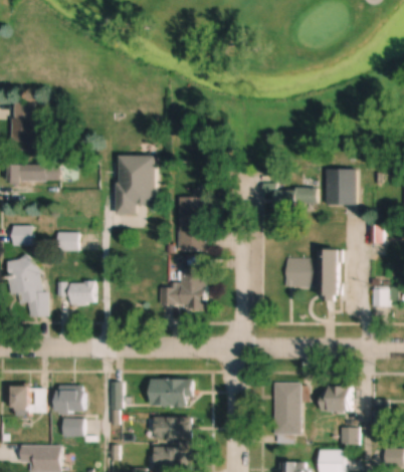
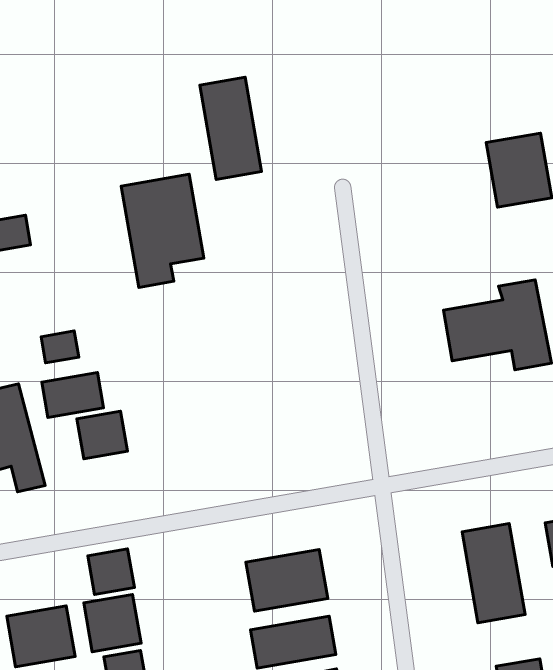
building: [275,189,316,205] -> none
building: [178,196,204,250] -> [200,77,262,179]
building: [168,257,206,308] -> none
building: none -> [42,372,104,417]
building: none -> [88,549,134,594]

